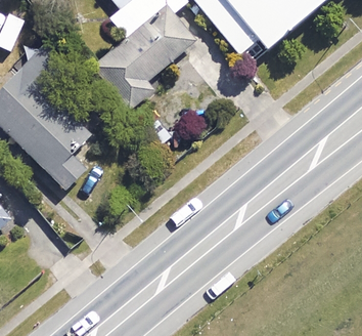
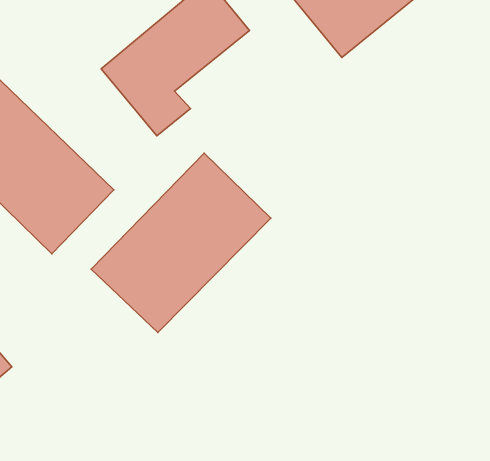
building: none -> [91,153,271,333]

